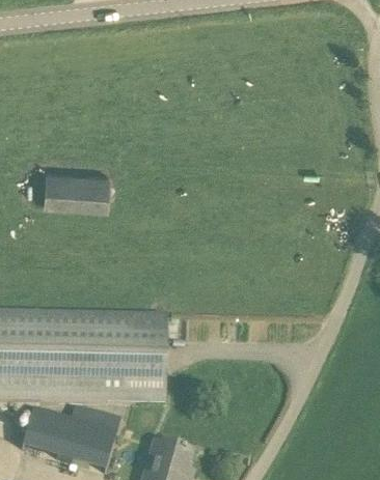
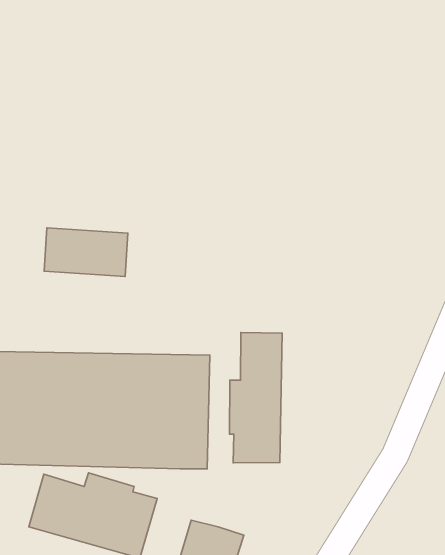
building: [44,169,108,206] -> [44,228,128,277]
building: none -> [230,332,282,463]

